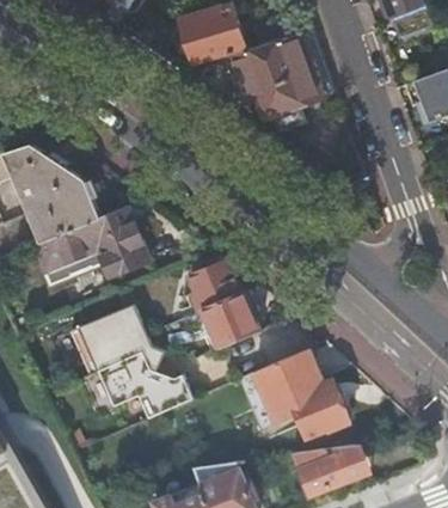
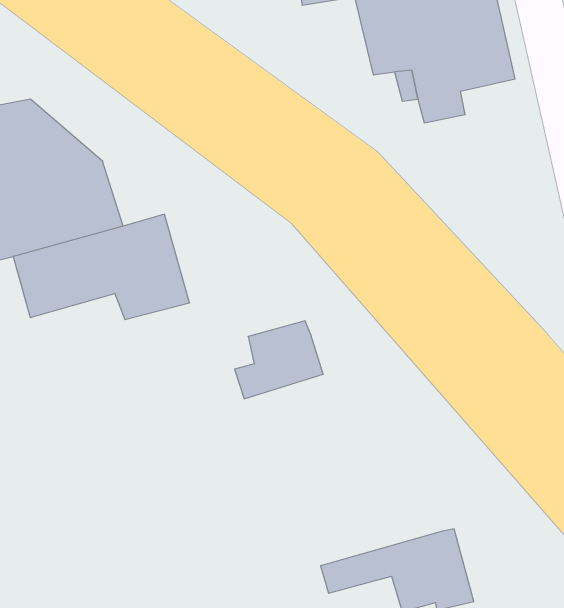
building: [189,288,258,354] -> none
building: [68,302,190,417] -> none
building: [235,348,324,415] -> none

